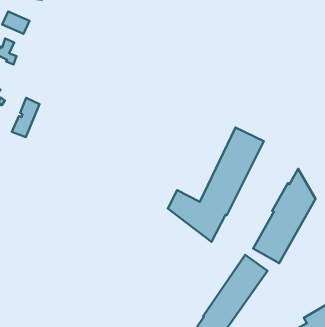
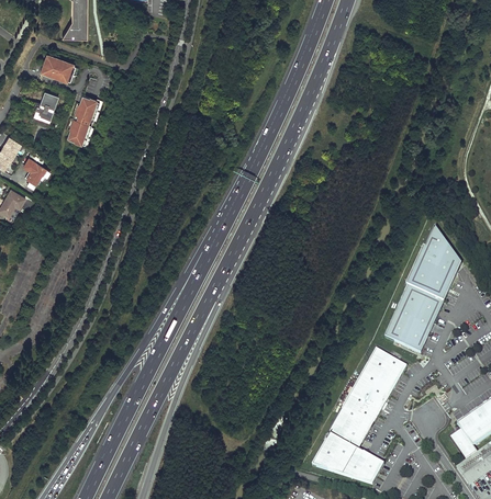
building: [12,98,39,137] -> [65,95,98,146]
building: [168,127,264,242] -> none

